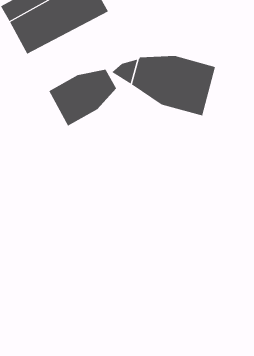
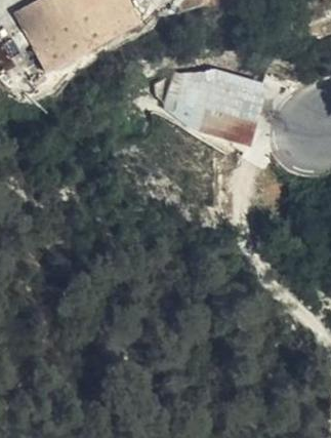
building: [48,69,117,126] -> none

